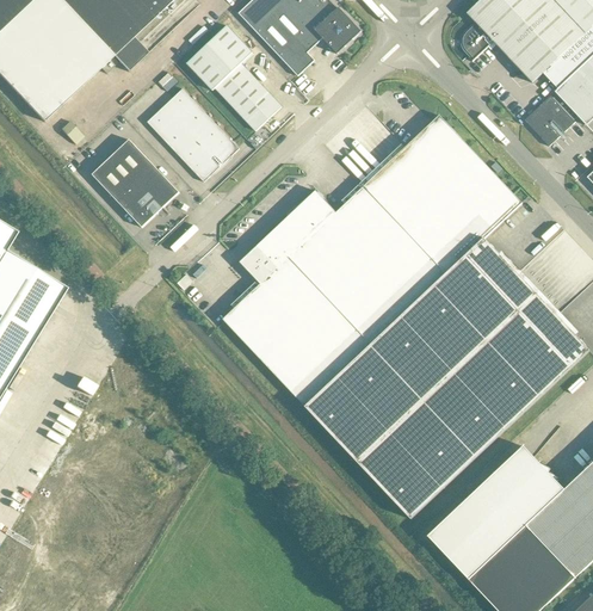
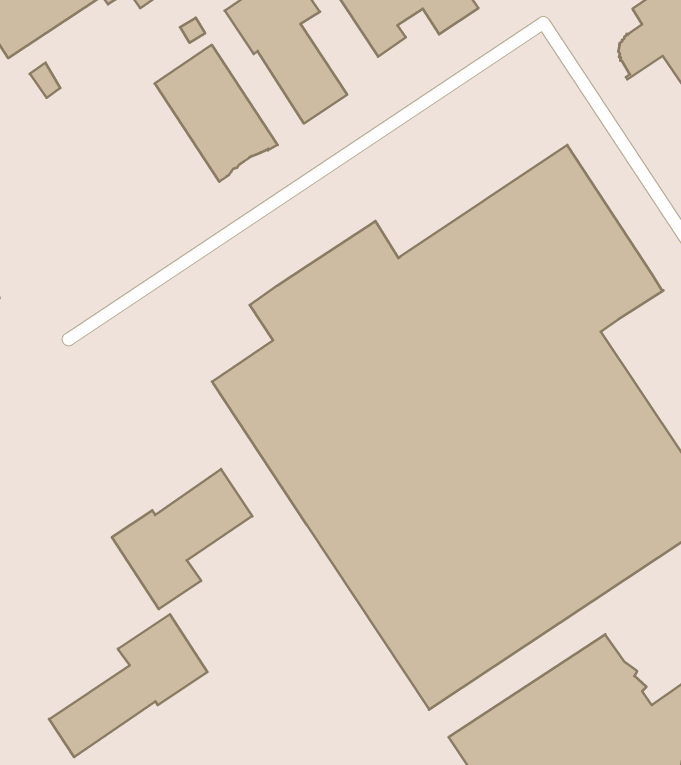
building: [91,138,178,227] -> none
building: none -> [112,469,252,609]
building: none -> [49,614,207,757]

